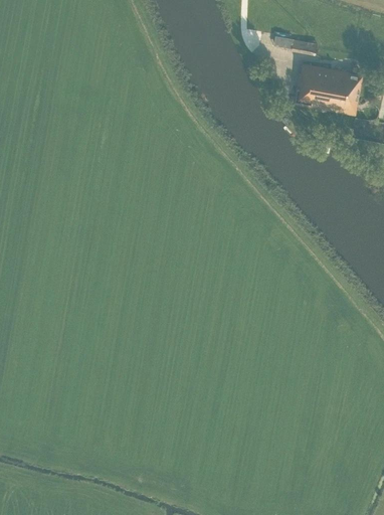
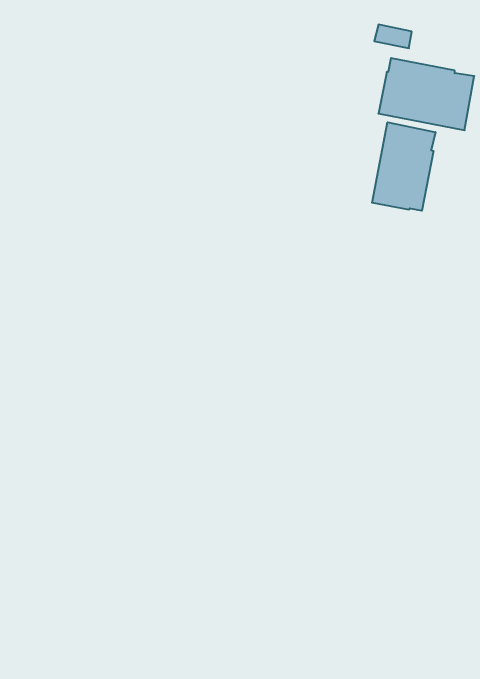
building: none -> [372,122,435,211]

